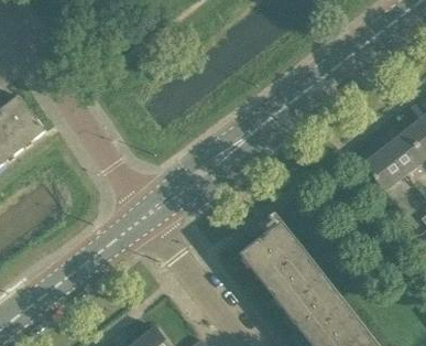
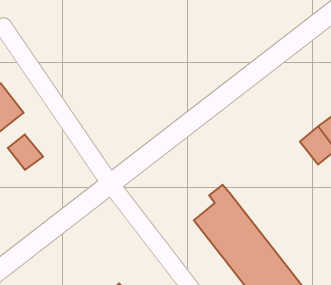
building: none -> [8,134,43,170]

